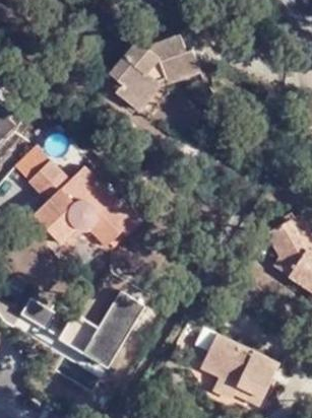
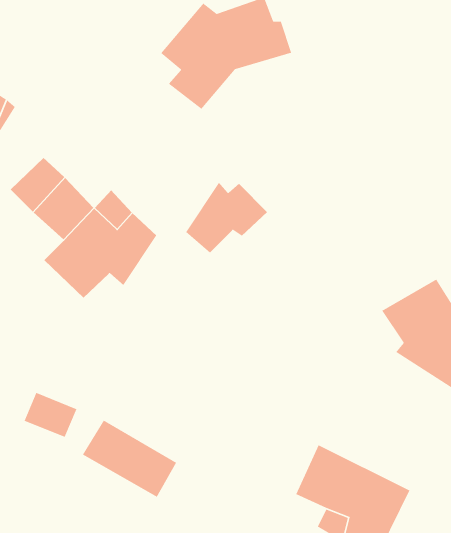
building: [87,195,142,242] -> [185,181,268,253]
building: [99,291,145,343] -> none

